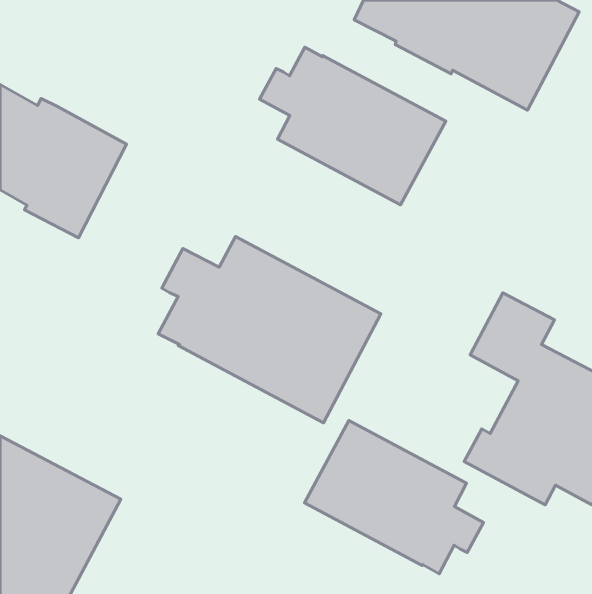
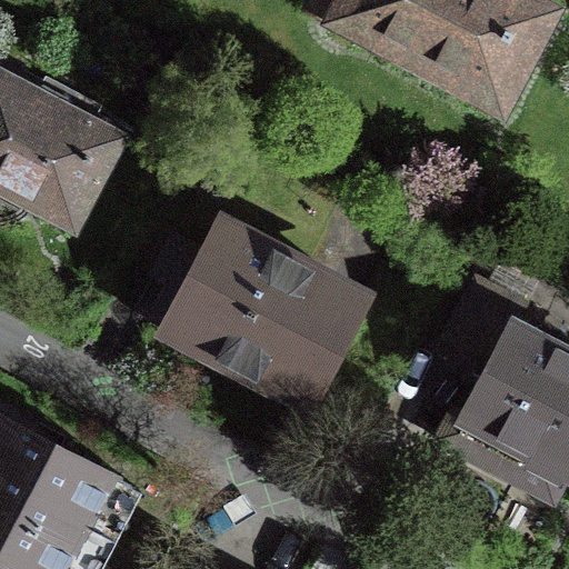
building: [260,47,446,205] -> none
building: [305,421,483,574] -> none

